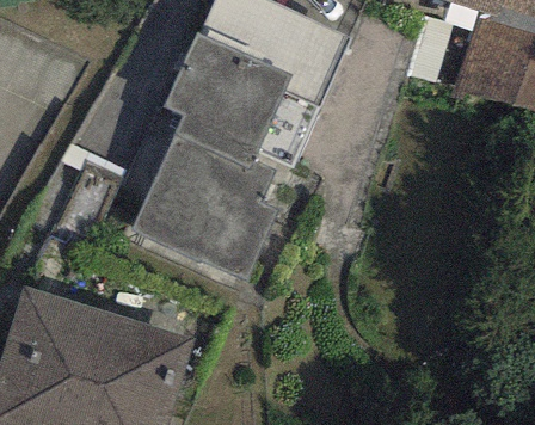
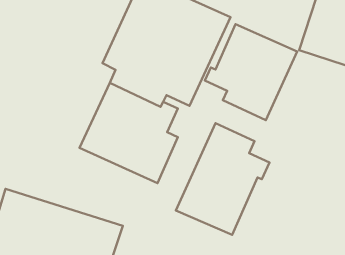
building: none -> [205,24,297,120]
building: none -> [176,123,270,235]

